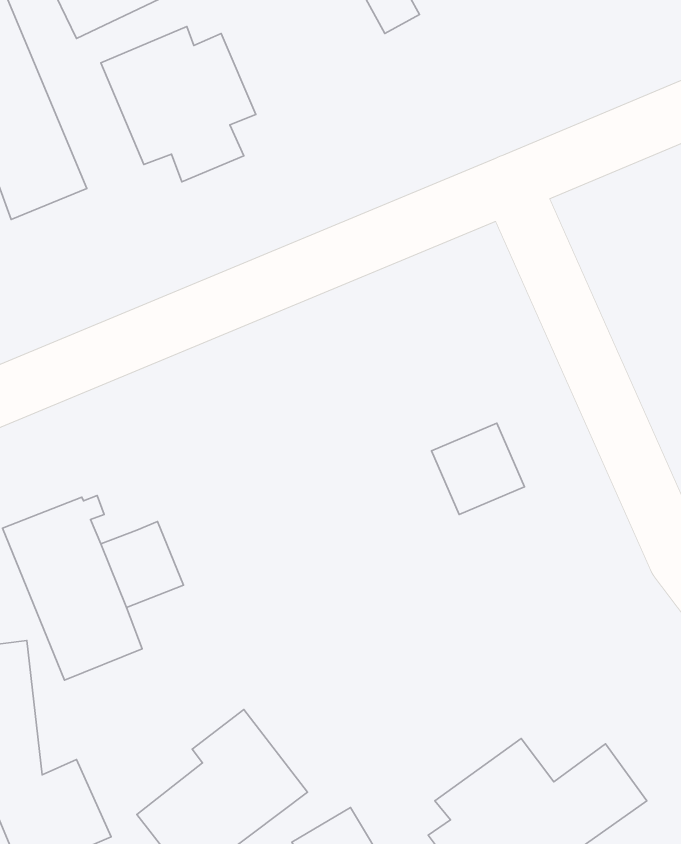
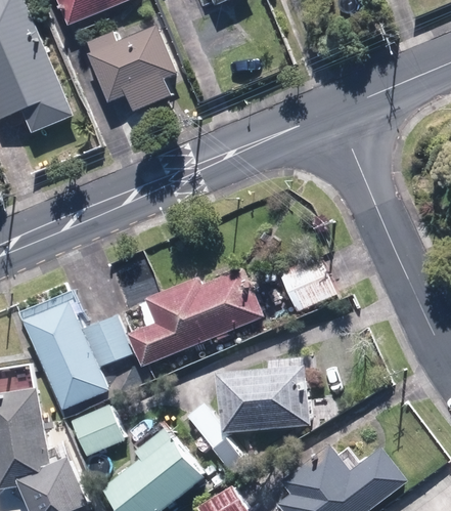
building: none -> [127,267,263,368]
building: none -> [216,365,308,434]
building: none -> [70,406,124,458]

